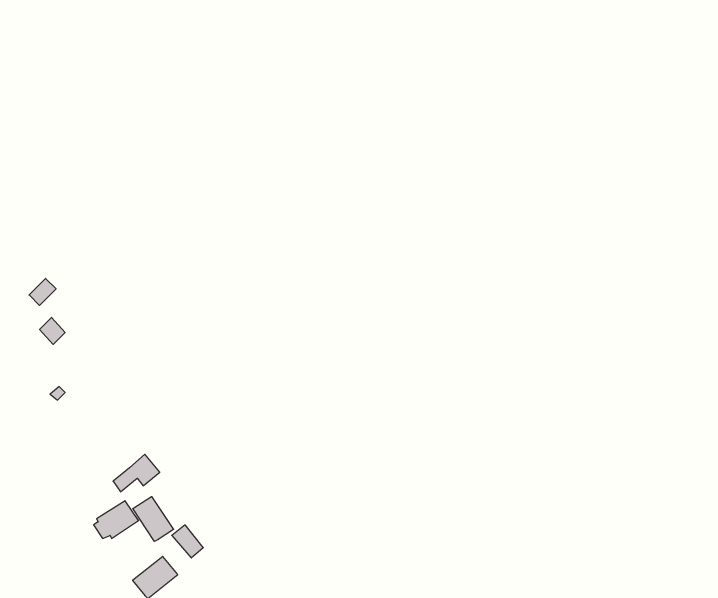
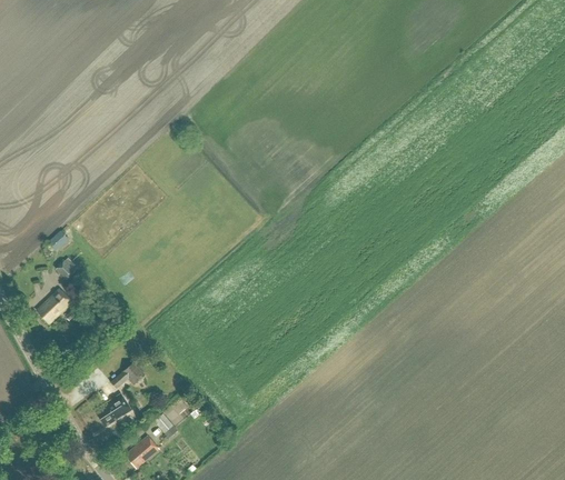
building: none -> [38,288,73,323]
building: [133,497,174,541] -> none

